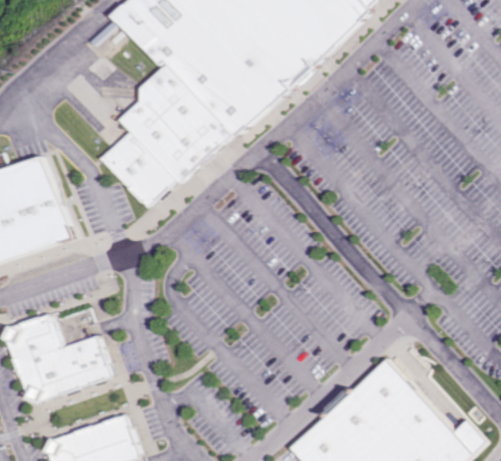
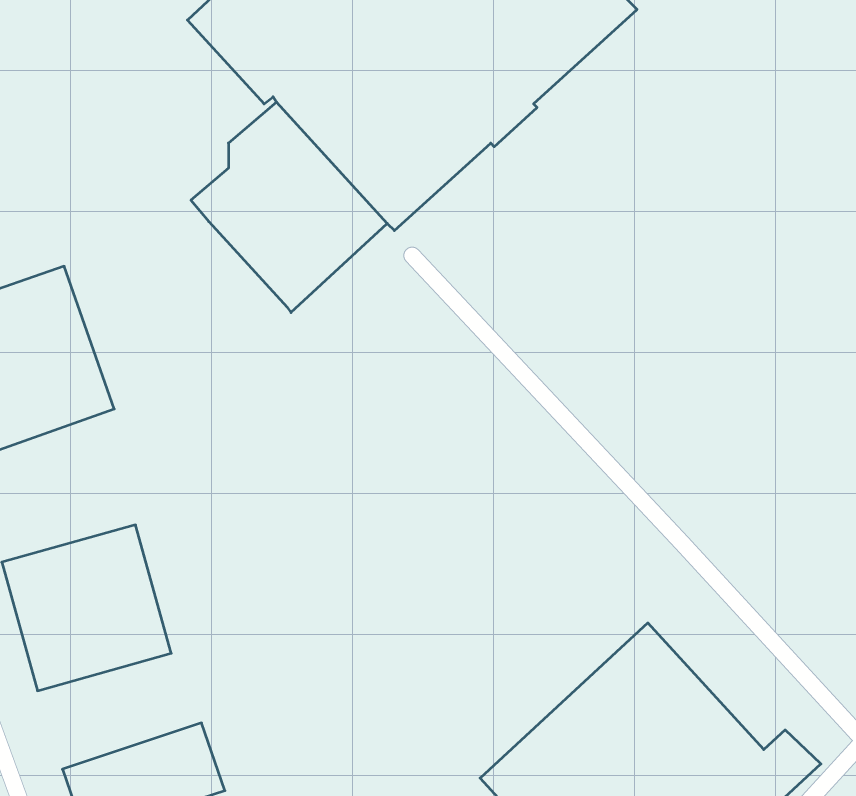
building: [101,131,174,208] -> none

